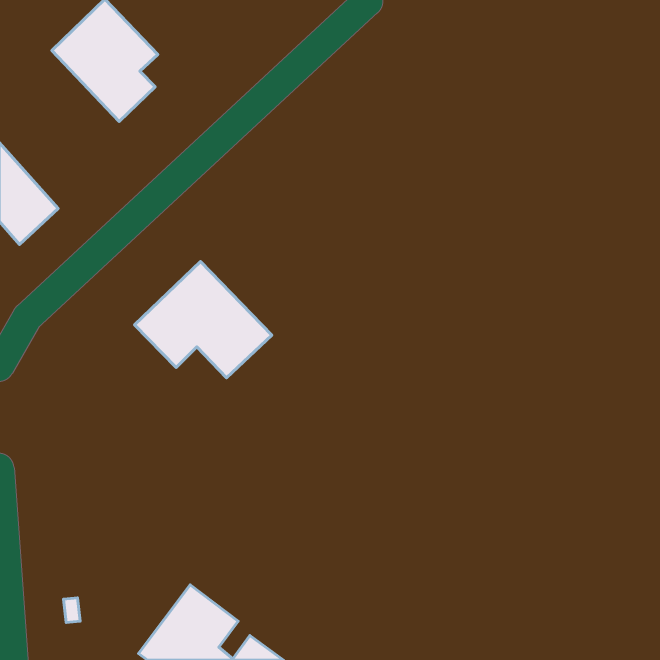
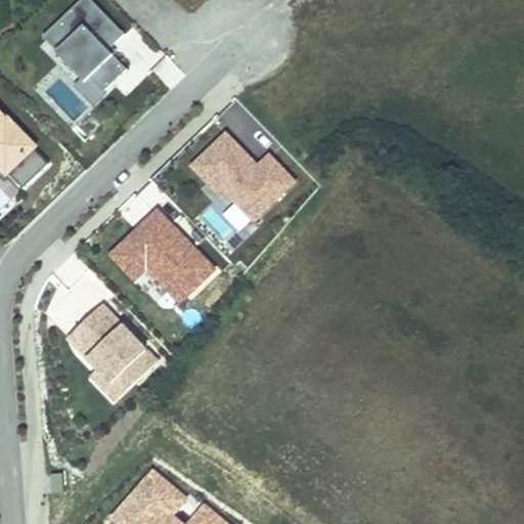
building: none -> [191,132,297,221]
building: none -> [68,304,157,402]

